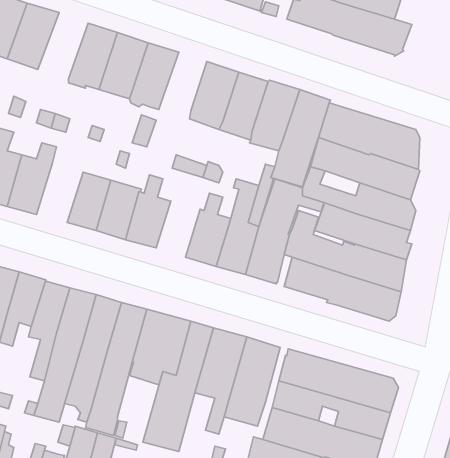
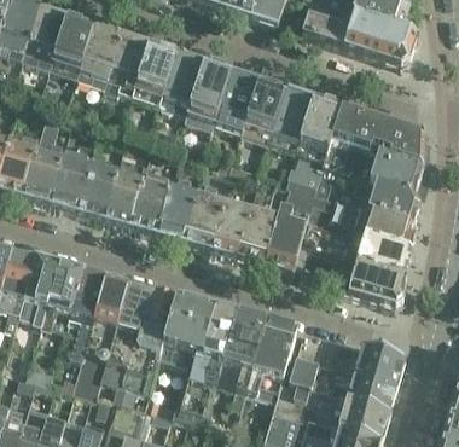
building: none -> [77,24,123,85]
building: none -> [190,60,231,121]
building: none -> [76,146,118,215]
building: none -> [185,180,225,246]

